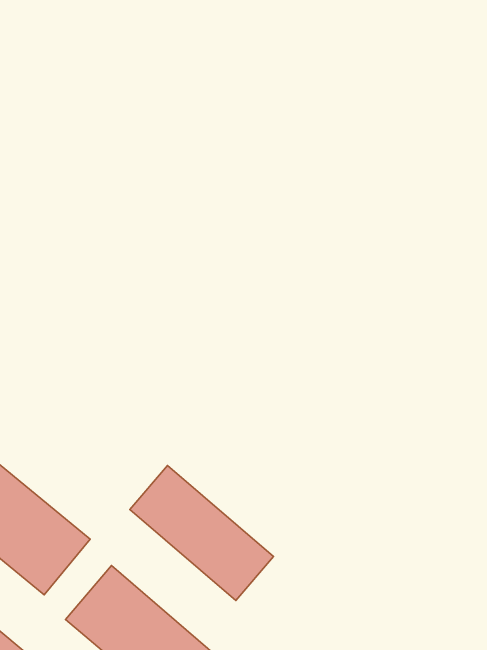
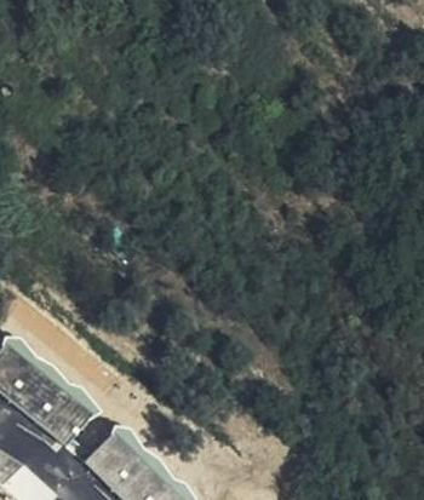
building: [130,466,273,600] -> none

